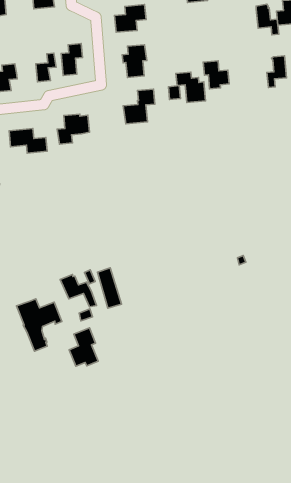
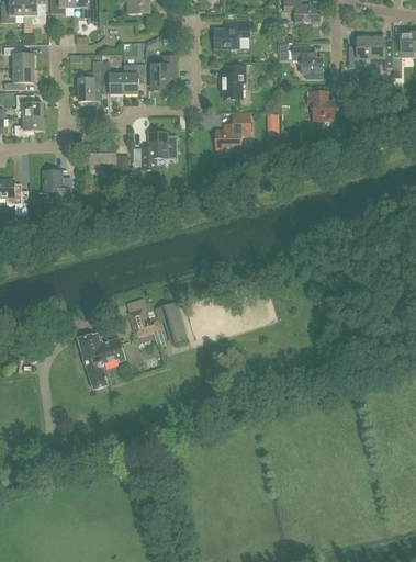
building: [267,56,287,88] -> [349,33,370,66]
building: none -> [100,64,123,93]
building: [176,72,206,103] -> [291,45,321,78]
building: [69,328,98,366] -> none

